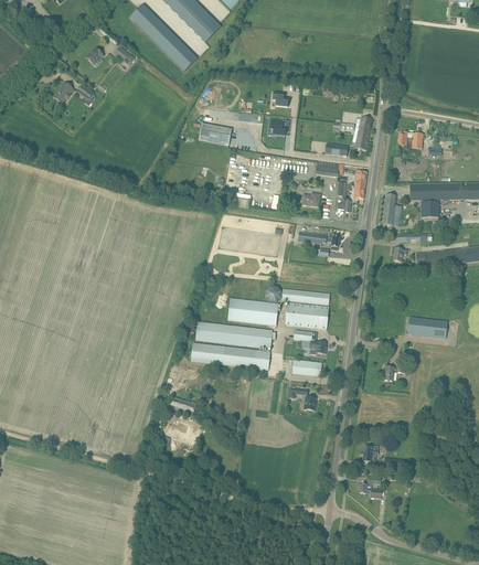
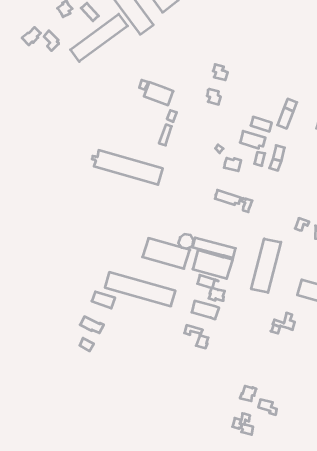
building: none -> [70,14,128,62]
building: [383,194,402,225] -> none
building: none -> [251,239,281,293]
building: [192,320,273,348] -> [92,150,163,185]

